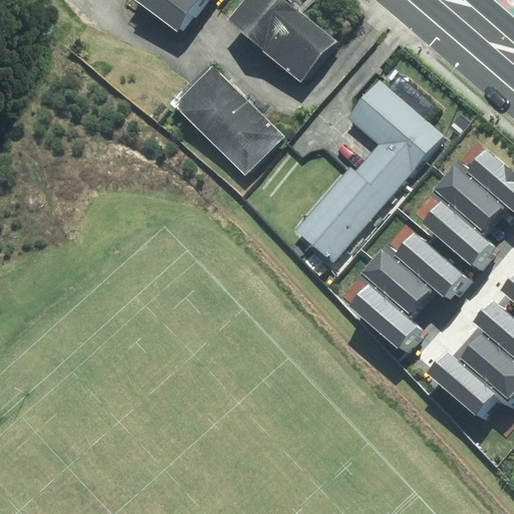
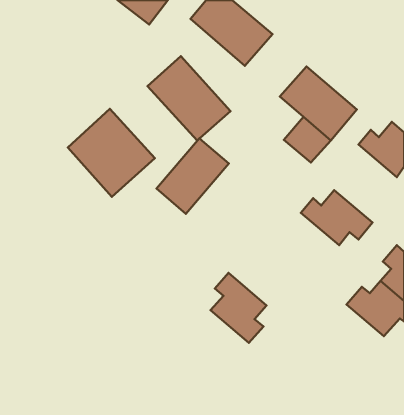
building: none -> [68,109,155,197]
building: [295,170,384,263] -> [157,138,229,214]
building: [423,179,491,265] -> none
building: [350,263,420,349] -> [211,273,267,343]

